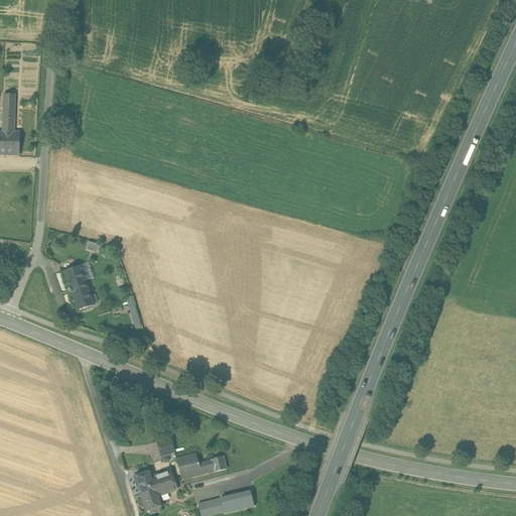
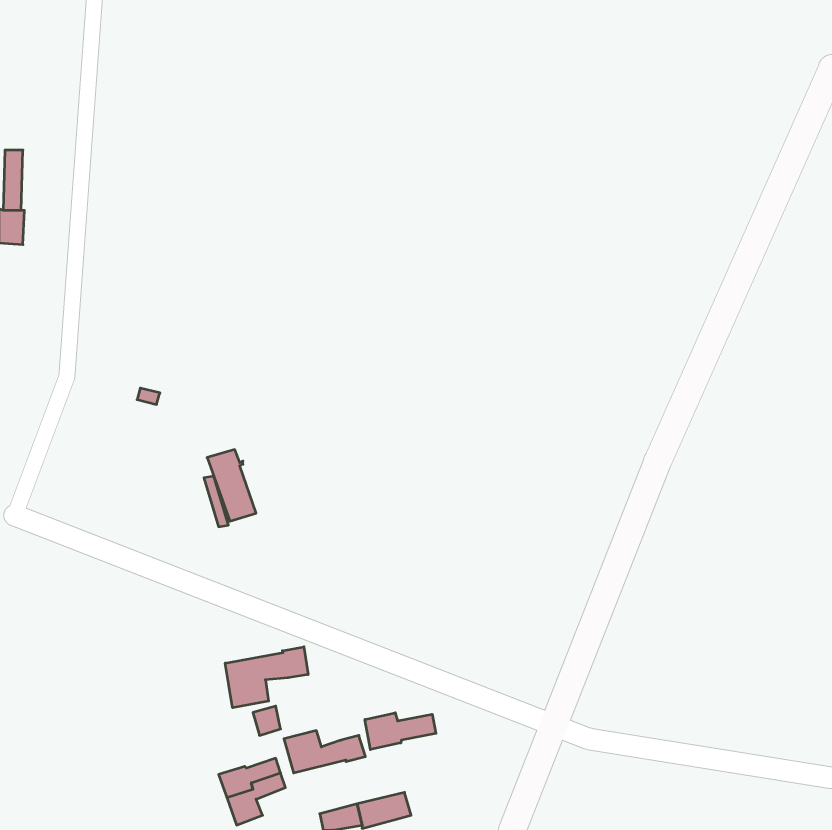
building: [62,264,93,308] -> [207,450,256,521]
building: none -> [225,647,308,708]
building: none -> [365,713,436,750]

